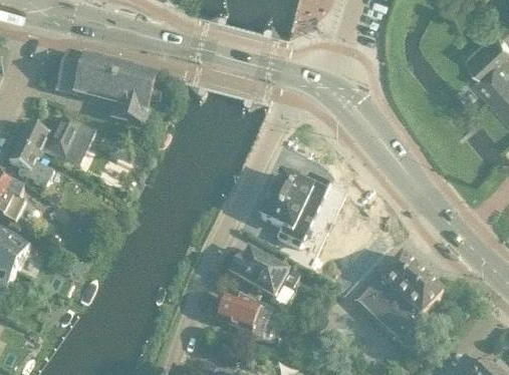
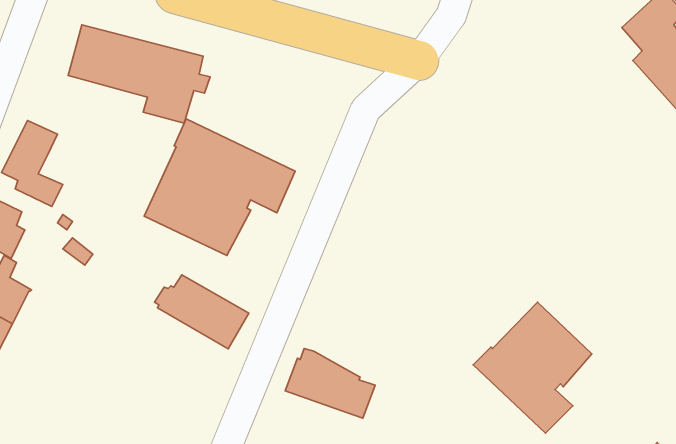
building: [41,113,95,157] -> none
building: none -> [144,119,295,256]
building: [260,172,328,248] -> none
building: [228,251,297,305] -> [155,275,249,349]

